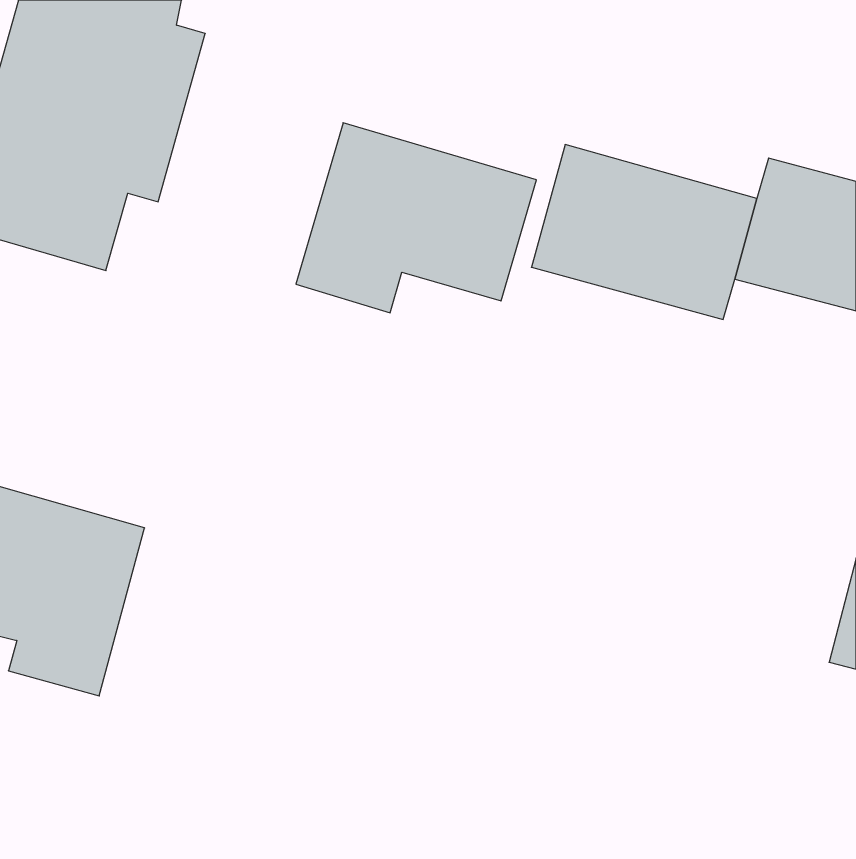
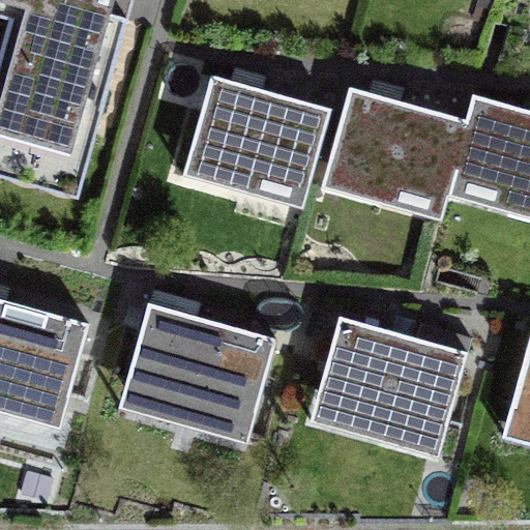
building: none -> [123,303,274,444]
building: none -> [316,317,466,459]

